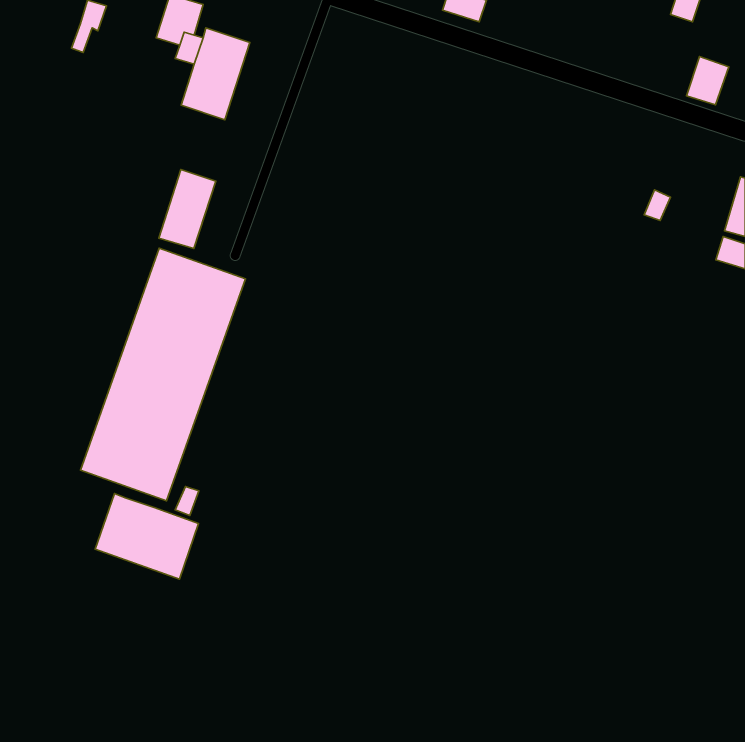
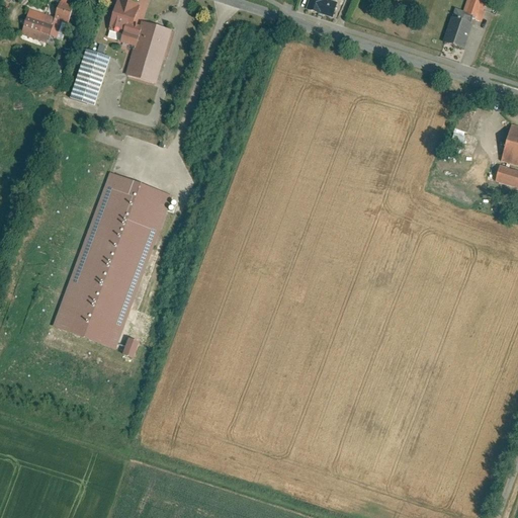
building: none -> [22,7,56,41]
building: [686,56,729,105] -> [442,14,471,48]
building: [159,169,216,248] -> [72,49,111,103]
building: [95,494,199,579] -> none

